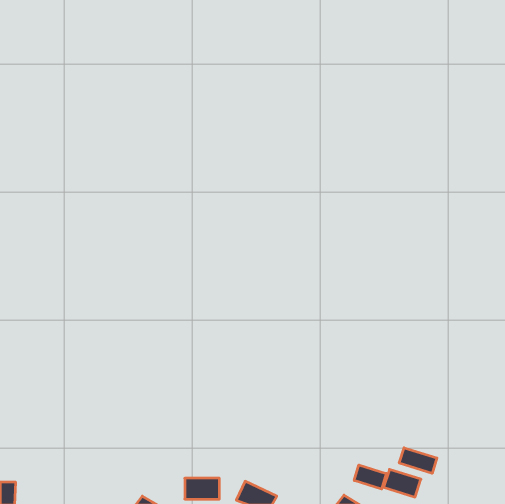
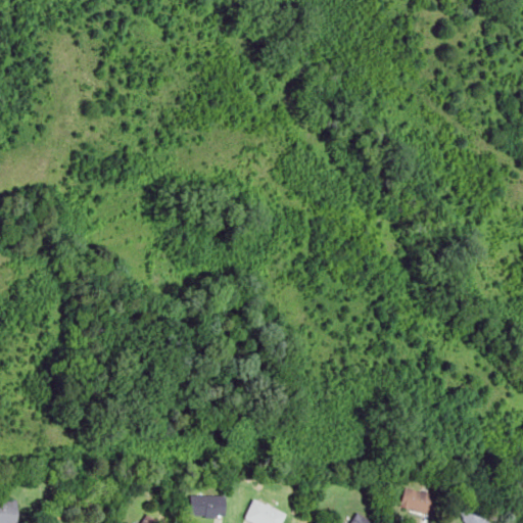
building: [399,448,437,473] -> none
building: [354,465,386,489] -> none

